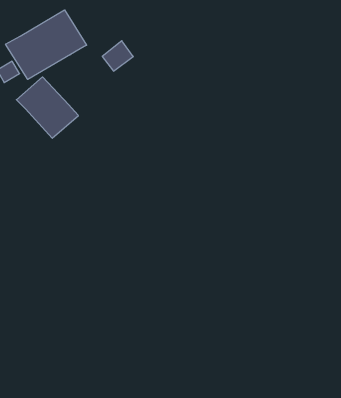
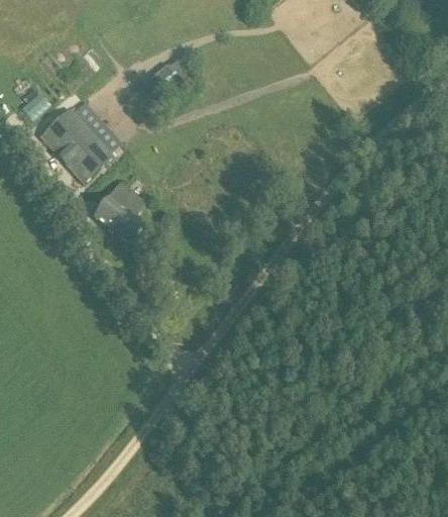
building: [6,10,87,79] -> none
building: none -> [92,180,148,240]

